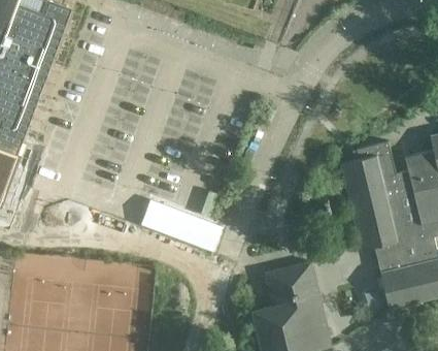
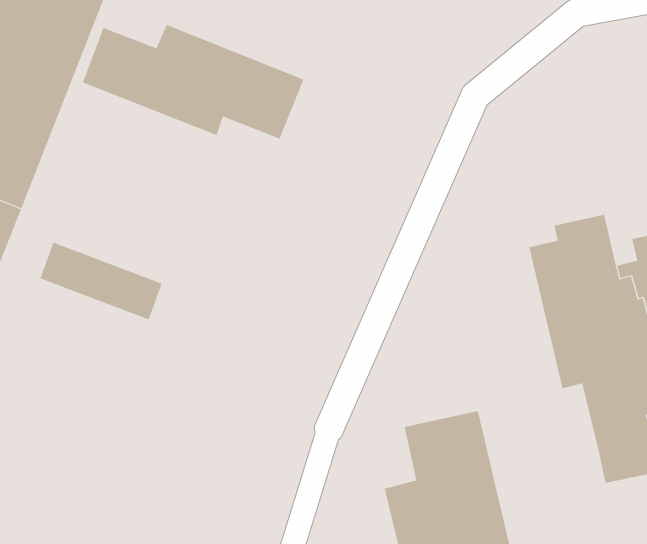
building: none -> [82,24,304,139]
building: [142,201,218,250] -> [39,242,162,320]

